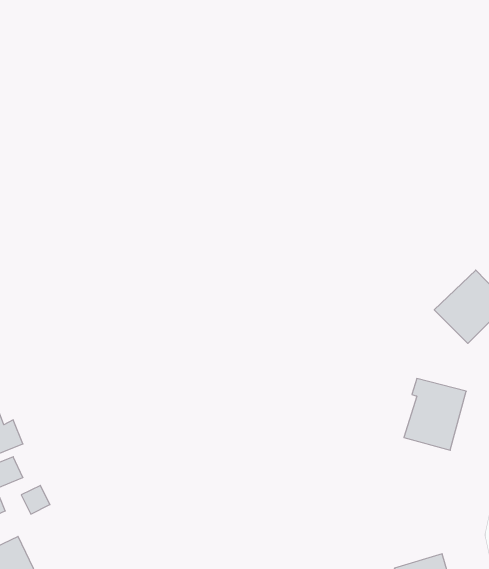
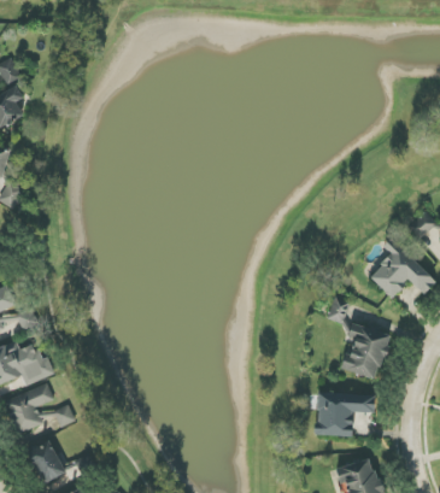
building: none -> [317,393,376,436]

